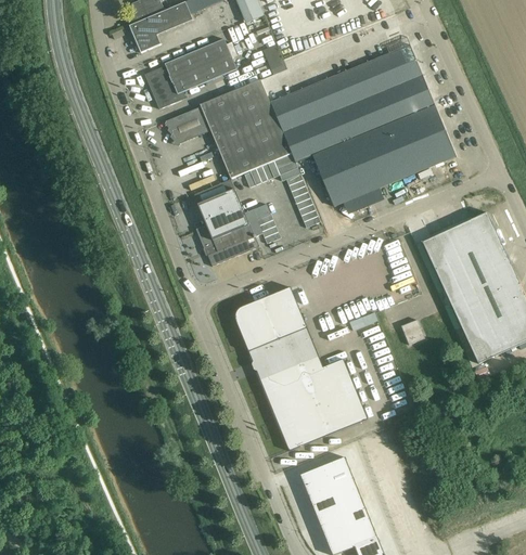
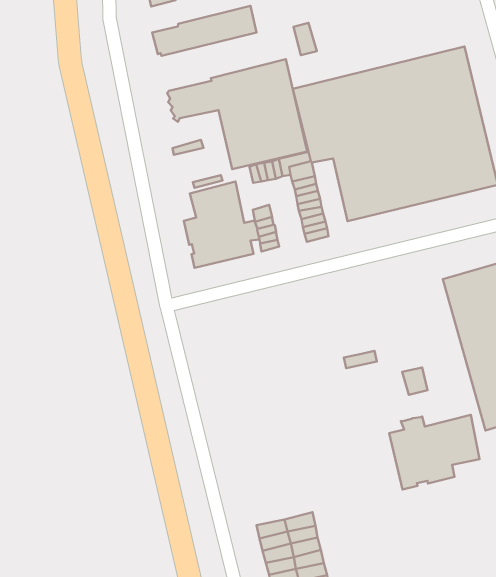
building: [153,60,236,108] -> none
building: [235,286,368,450] -> none
building: none -> [389,415,480,489]

